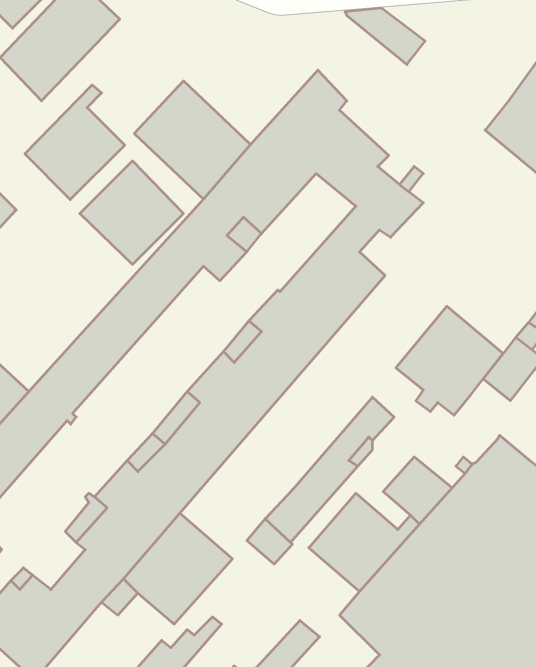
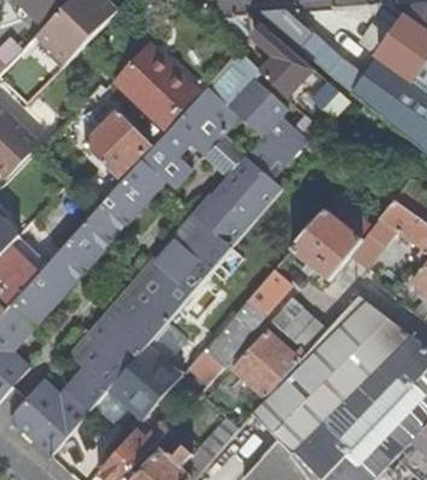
building: none -> [251,24,339,105]
building: none -> [298,30,365,89]
building: [25,85,125,200] -> none

